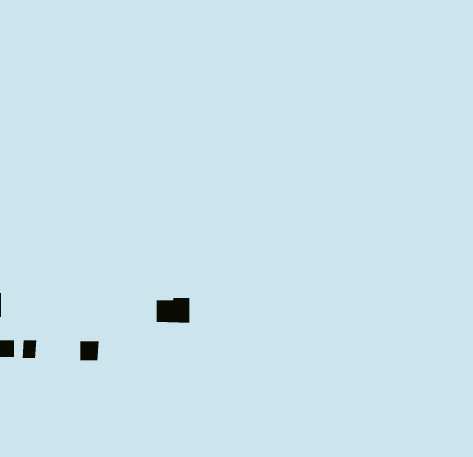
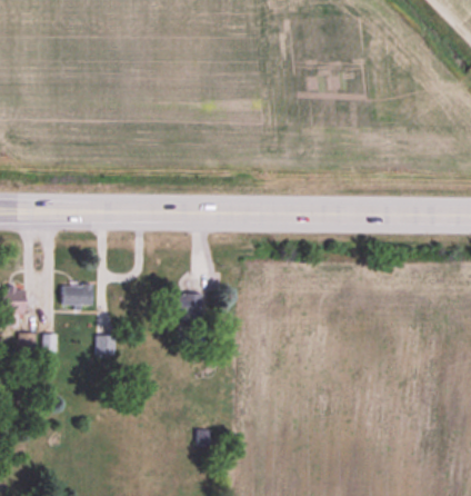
building: none -> [63,284,91,305]

